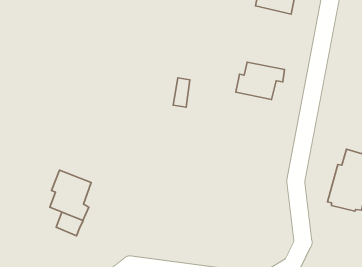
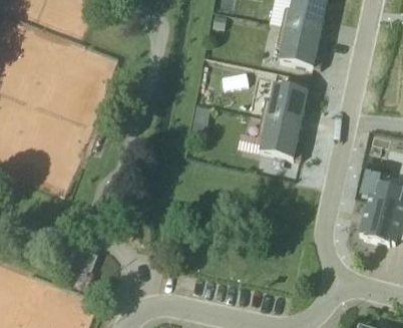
building: none -> [277,21,322,64]
building: none -> [257,113,303,156]
building: [50,170,91,221] -> none

